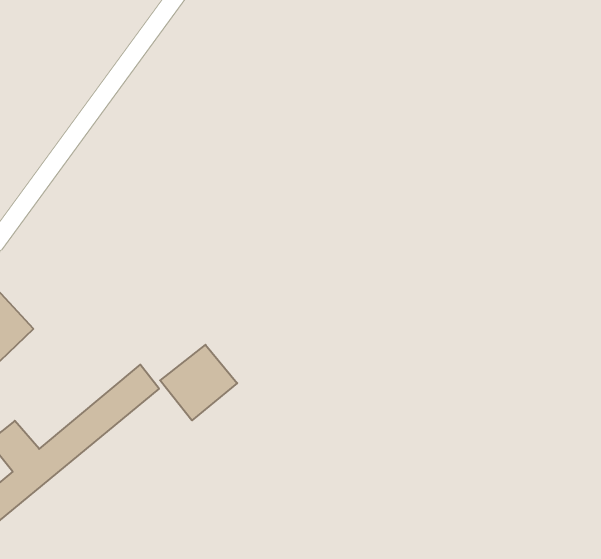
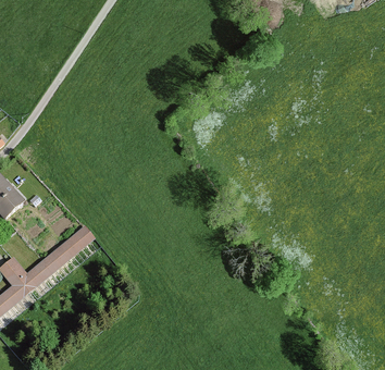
building: [160,345,237,420] -> none

